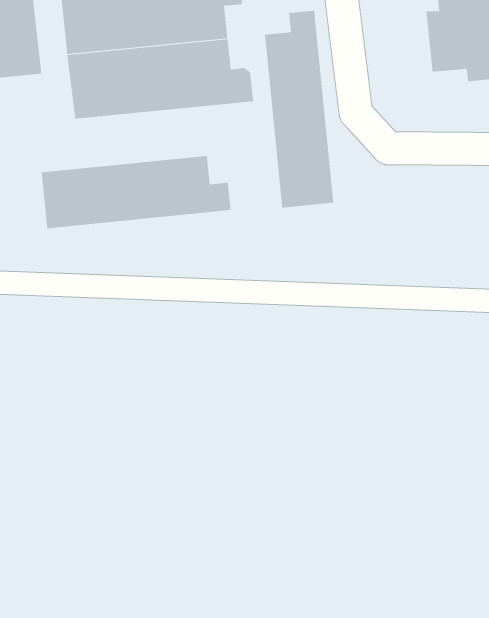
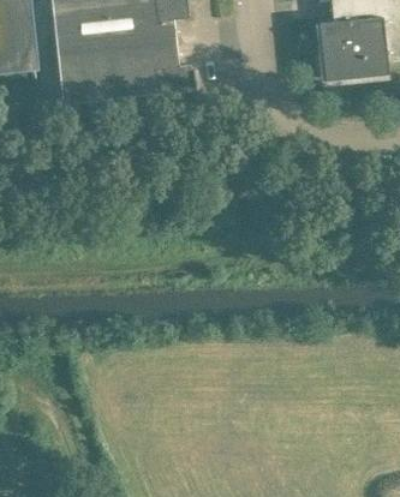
building: [264,10,334,208] -> none
building: [41,155,231,229] -> none

